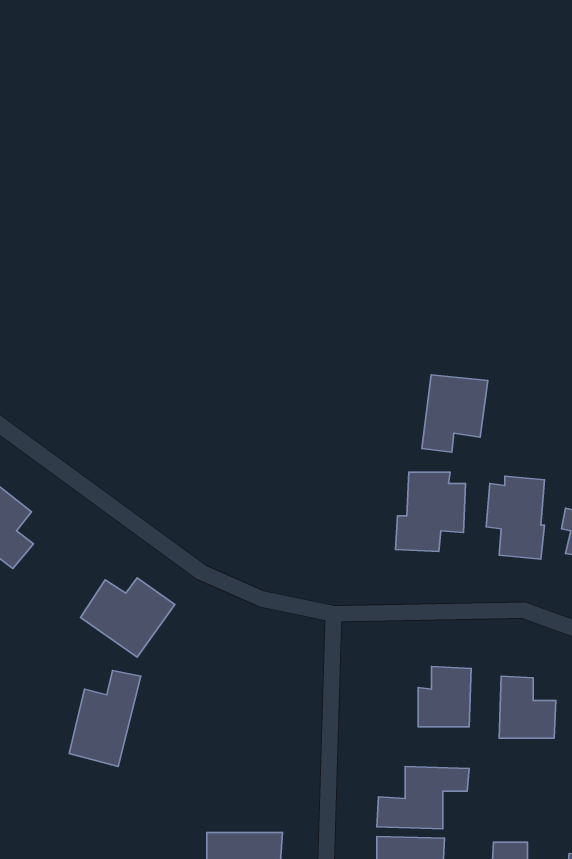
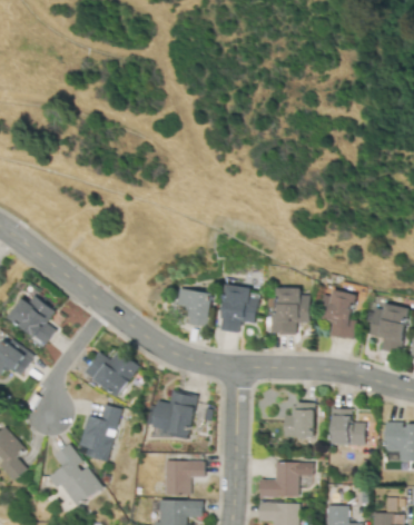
building: [422,375,488,452] -> [219,287,258,333]
building: none -> [178,288,211,327]
building: none -> [150,392,196,440]
building: none -> [47,444,100,506]
building: none -> [165,460,205,495]

